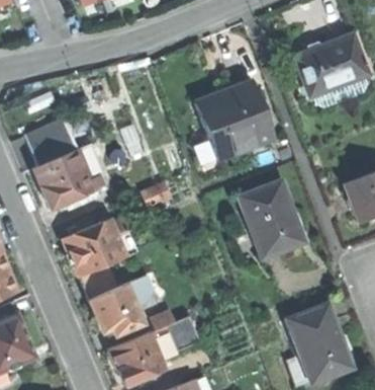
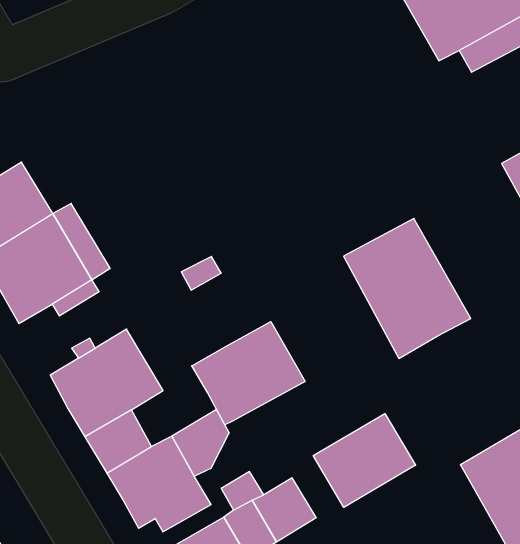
building: [197,82,274,158] -> none
building: none -> [192,322,305,425]
building: none -> [313,414,416,507]

